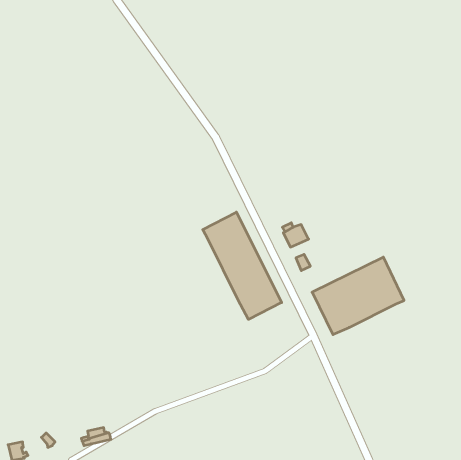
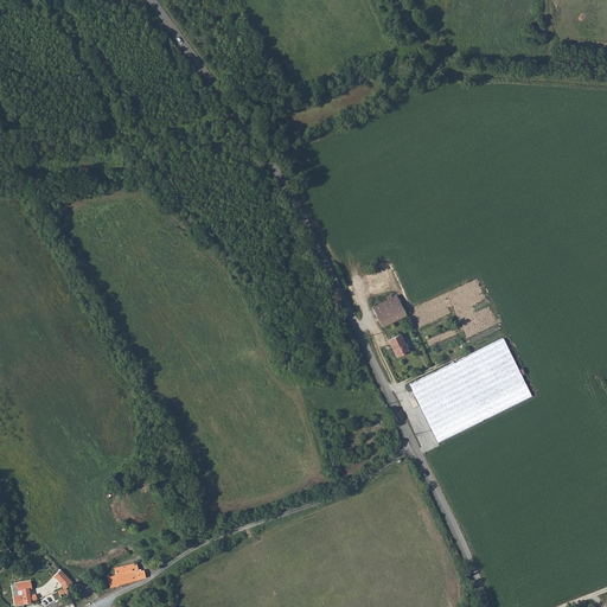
building: [203,212,282,319] -> none

